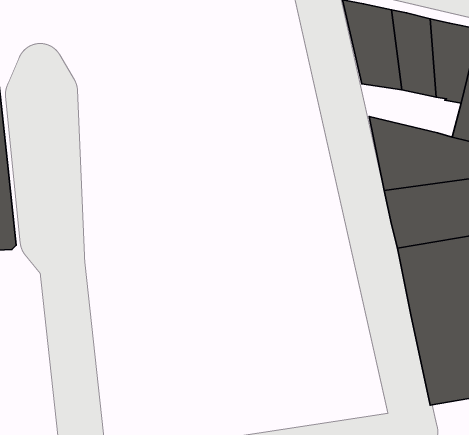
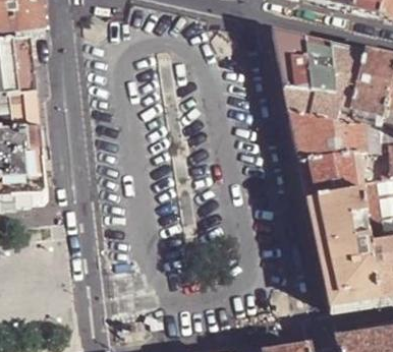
building: none -> [285,86,353,123]

